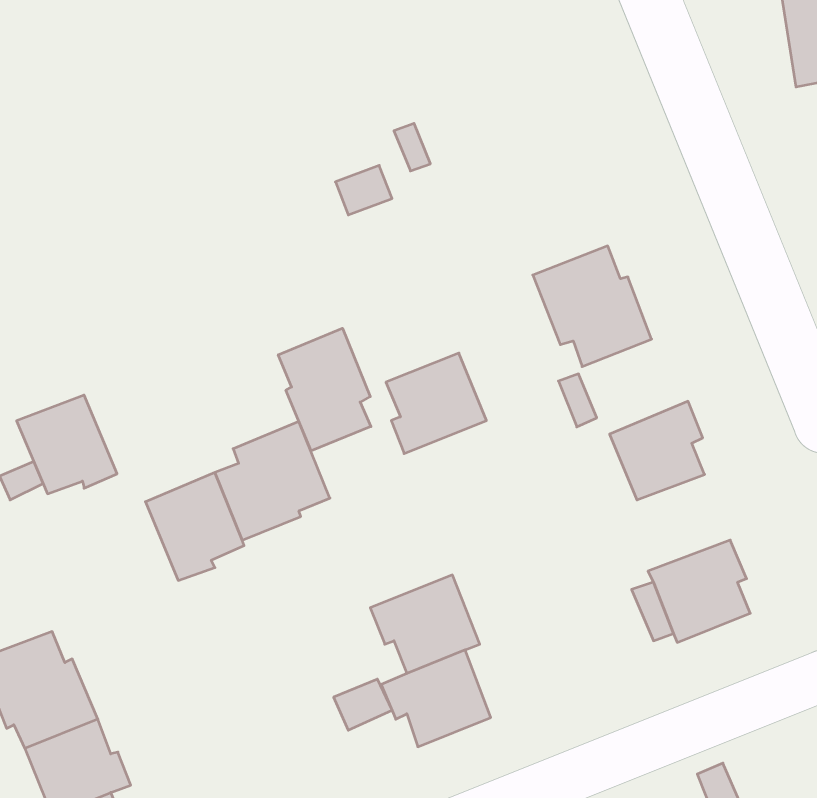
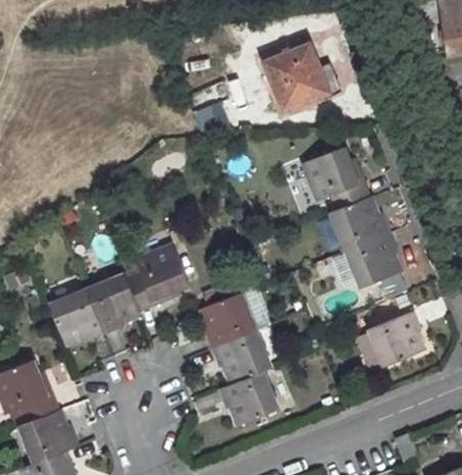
building: none -> [265,46,339,111]
building: [278,328,371,451] -> none
building: none -> [329,199,389,252]
building: [386,353,486,454] -> [201,293,257,349]
building: [17,395,117,494] -> [48,289,104,345]

